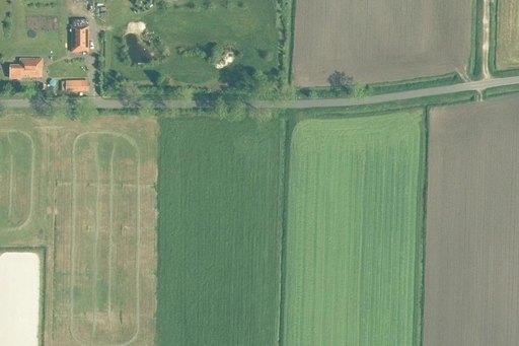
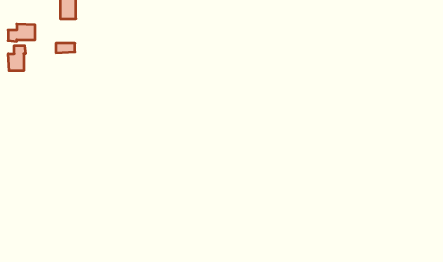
building: none -> [8,46,25,71]

